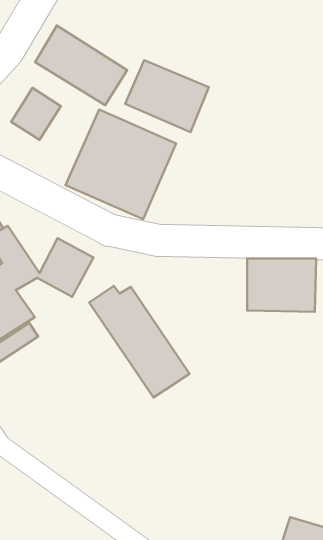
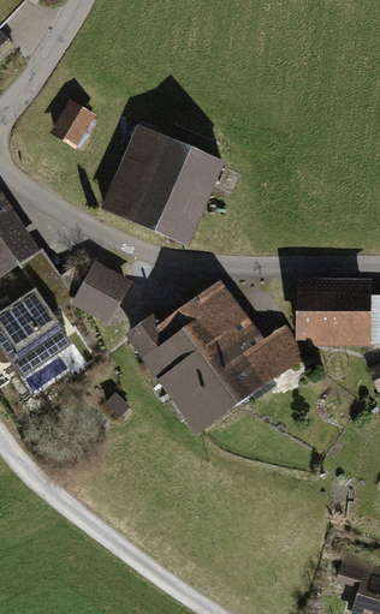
building: [35,25,127,105] -> none
building: [125,60,209,132] -> none
building: none -> [172,282,304,406]

